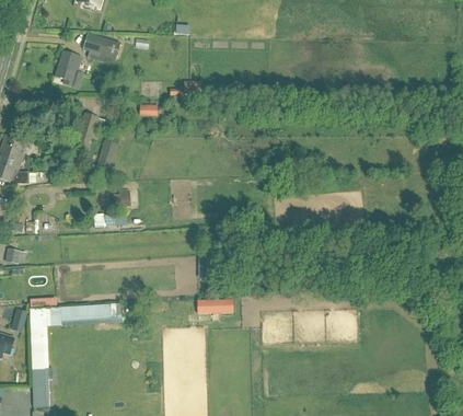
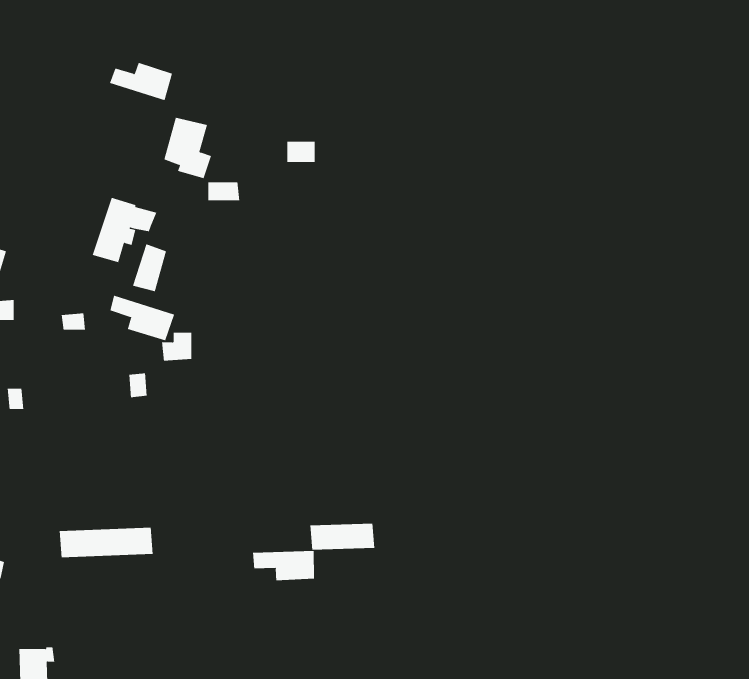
building: [56,51,83,86] -> [164,117,212,179]
building: none -> [110,295,175,341]
building: none -> [252,550,314,581]

